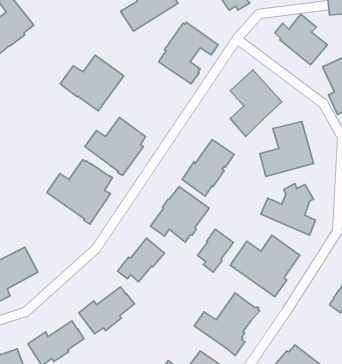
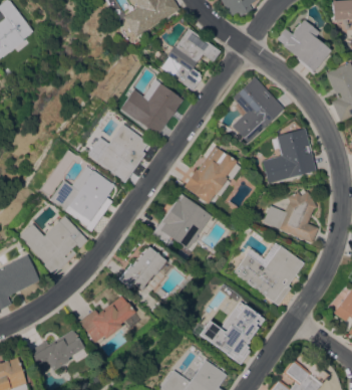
building: [60,55,124,111] -> [120,78,185,135]
building: none -> [19,215,88,274]
building: [197,229,234,272] -> none

